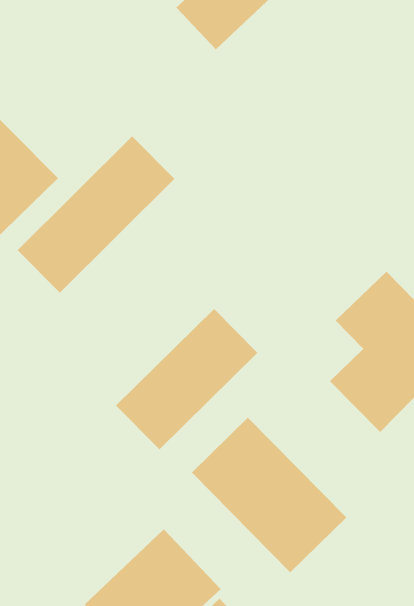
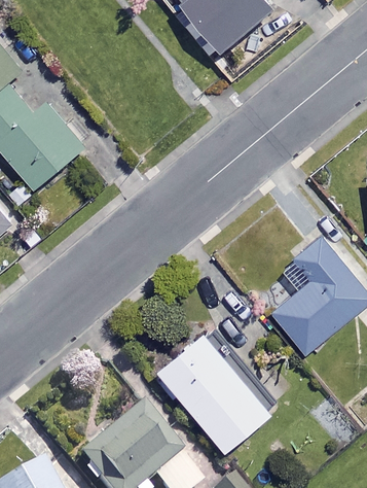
building: [17,136,175,293] -> none
building: [115,308,258,450] -> none

